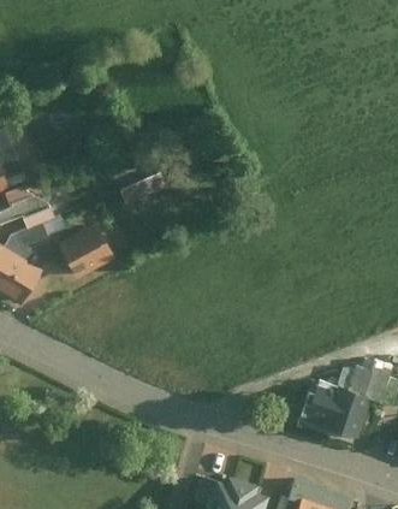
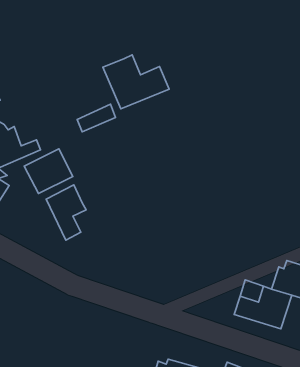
building: none -> [103,55,169,109]
building: none -> [46,185,86,240]

